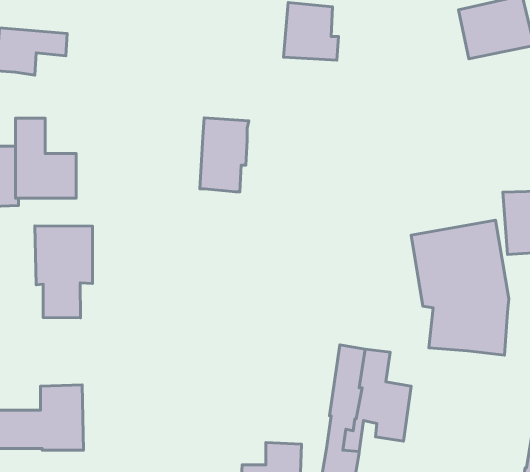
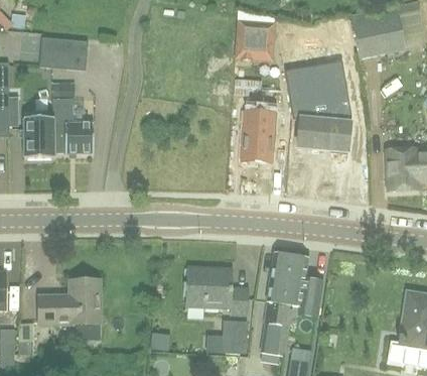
building: [200,118,249,192] -> [242,111,275,161]
building: [411,220,509,355] -> [284,59,350,151]
building: [35,226,93,318] -> none
building: none -> [186,266,247,315]

